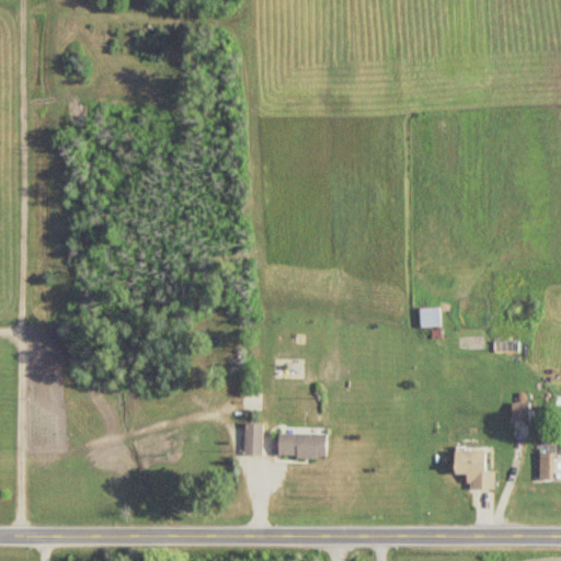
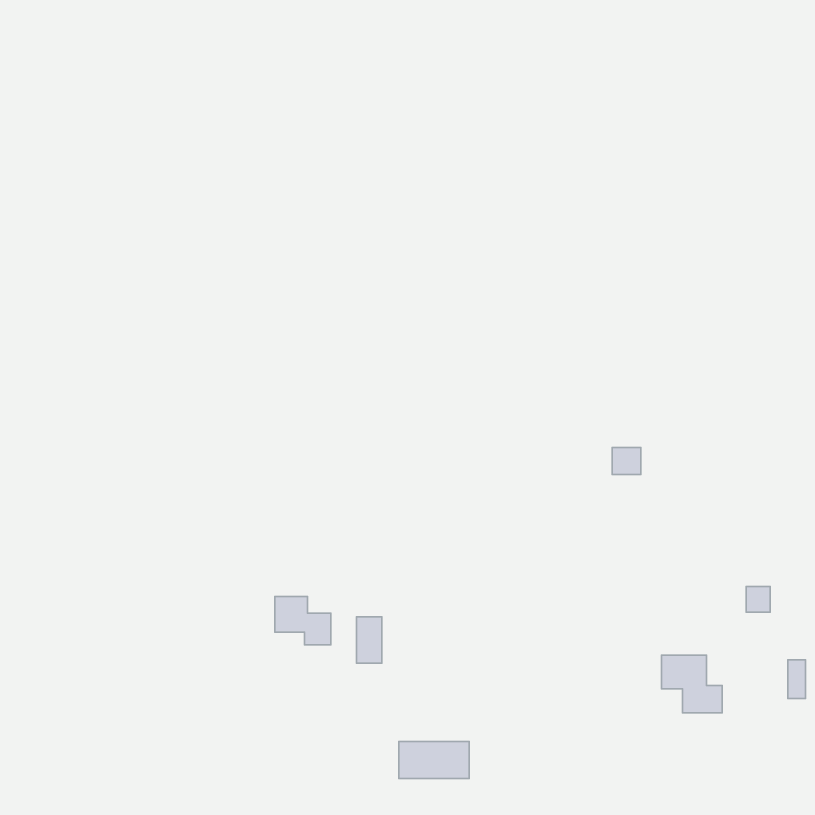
building: none -> [275,597,331,645]
building: [278,433,327,458] -> [399,742,469,778]

